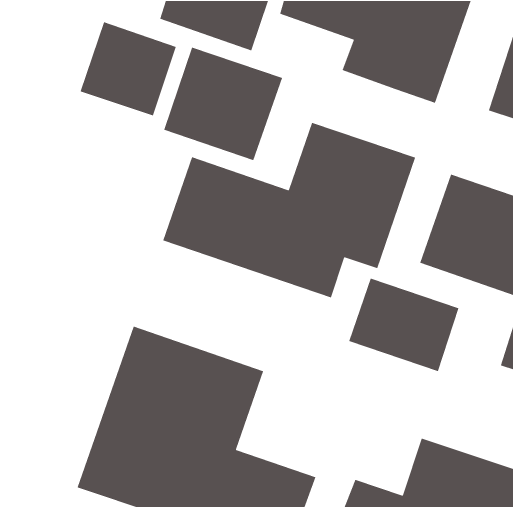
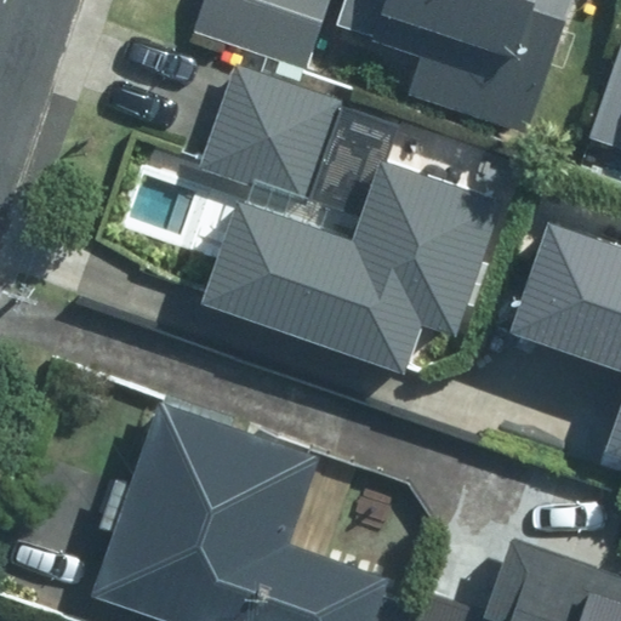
building: [79,21,177,116] -> none
building: [348,278,460,372] -> none

